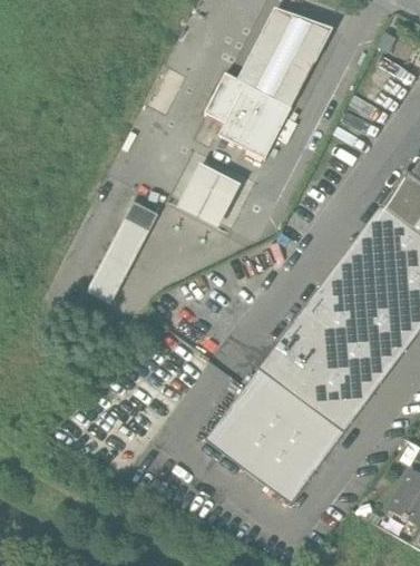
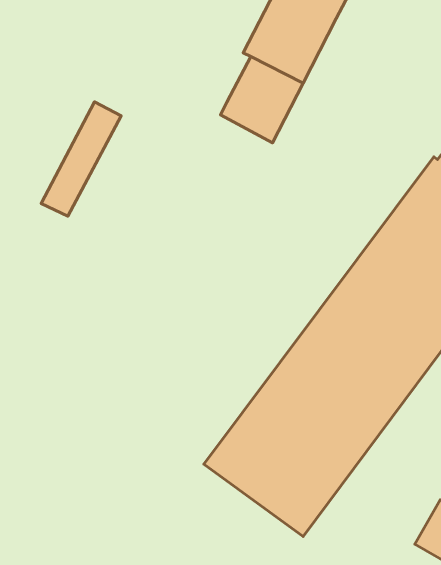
building: [204,72,245,123] -> none
building: [178,162,240,226] -> none
building: [87,203,157,303] -> [41,102,121,216]

